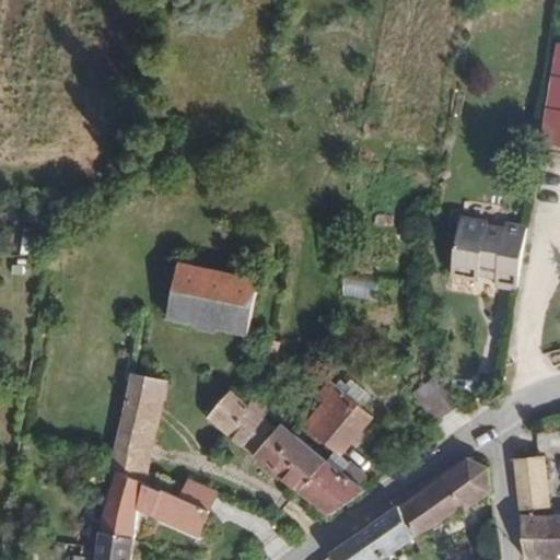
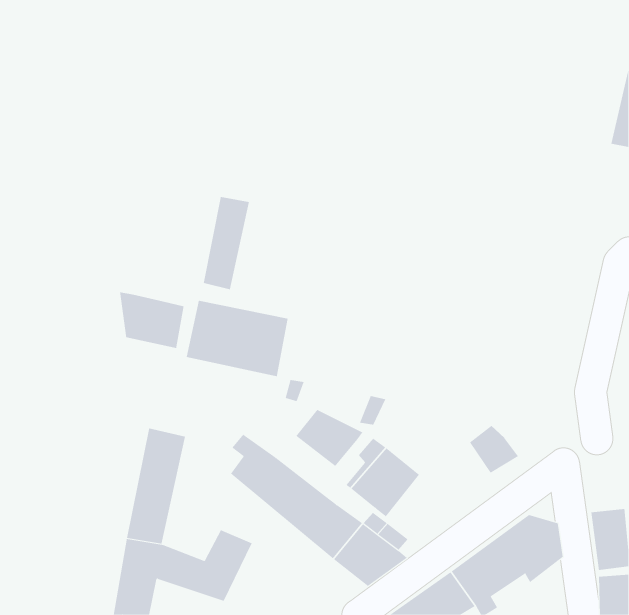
building: none -> [203,196,249,290]
building: [450,224,526,292] -> none
building: none -> [120,292,184,349]
building: none -> [295,409,363,467]

